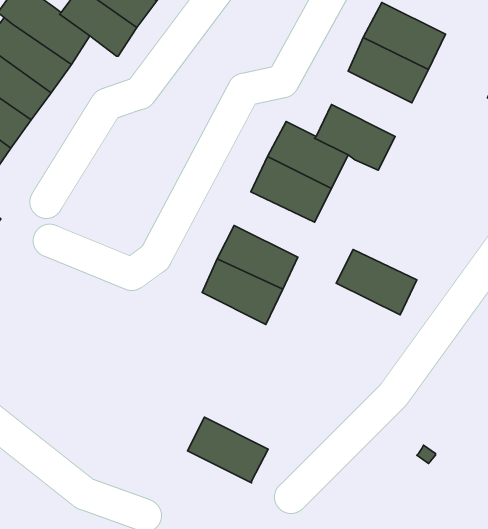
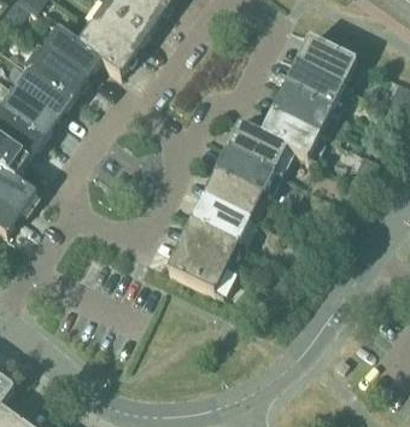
building: none -> [275,82,333,129]
building: [336,249,417,315] -> [205,169,263,216]
building: [188,417,268,483] -> [170,241,228,288]

